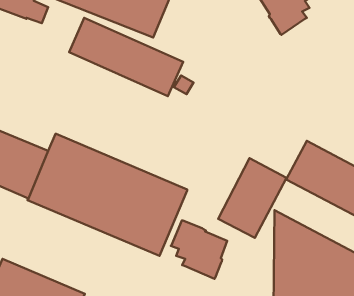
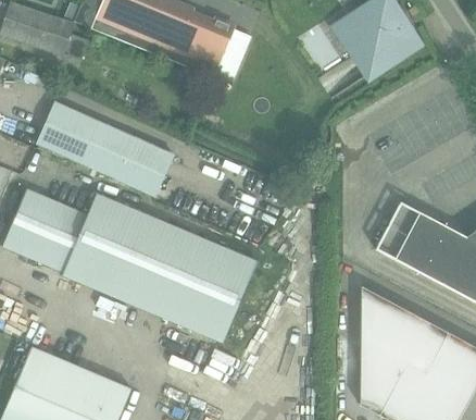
building: [69,18,183,96] -> [36,102,174,197]
building: [218,158,287,238] -> none
building: [171,220,227,279] -> none

